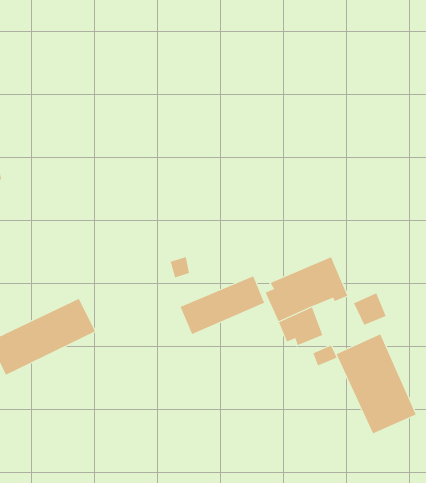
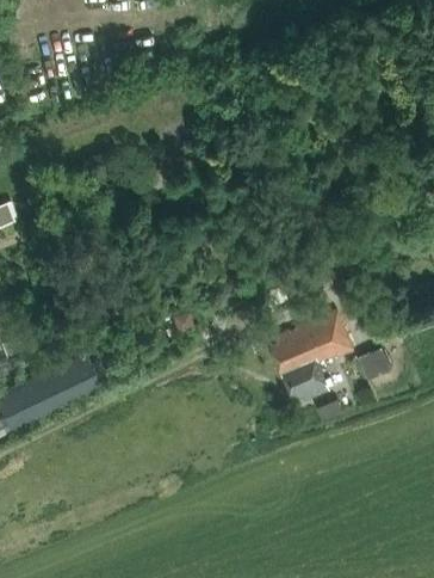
building: [180,275,265,335] -> none
building: [336,334,417,434] -> none

